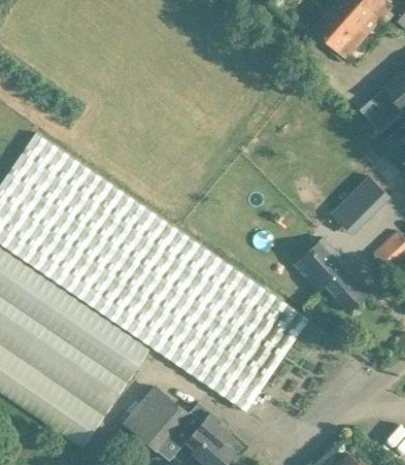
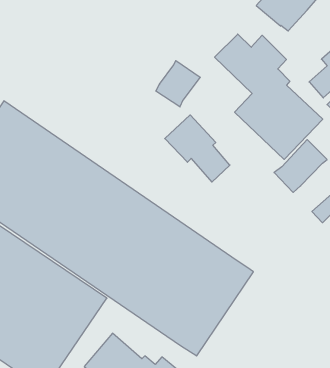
building: none -> [215,34,323,159]
building: none -> [156,61,200,107]
building: [296,239,367,312] -> [165,115,230,182]

